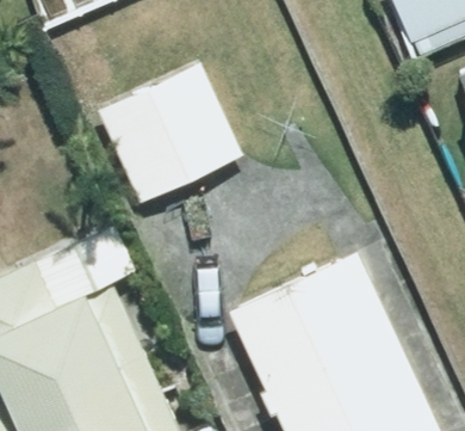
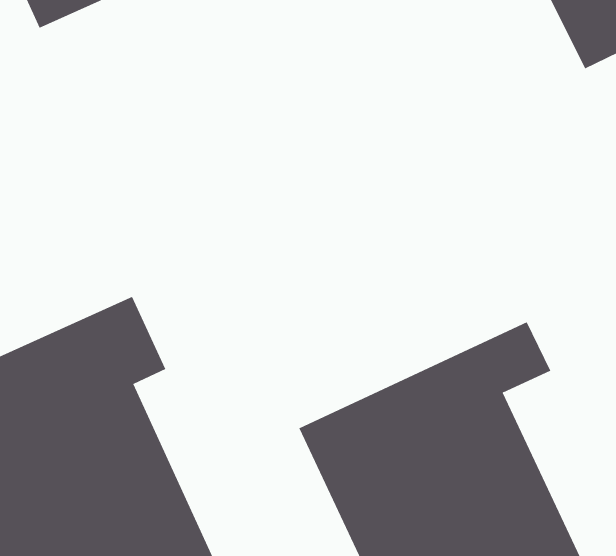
building: [99,68,242,203] -> none

